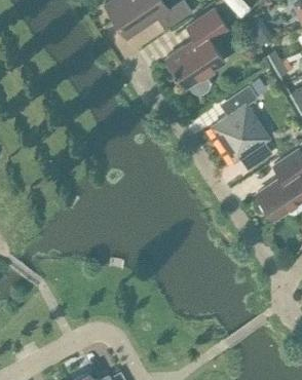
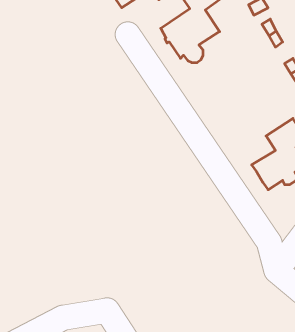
building: [212,85,269,162] -> none

